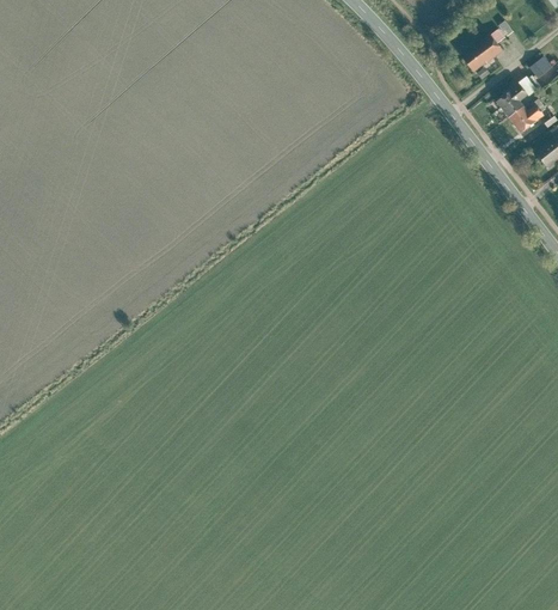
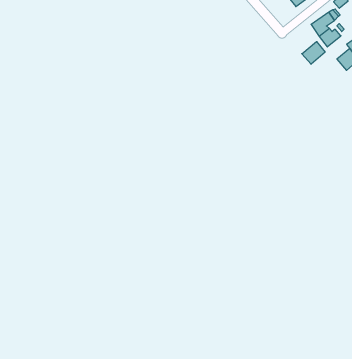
building: none -> [302,42,325,64]

